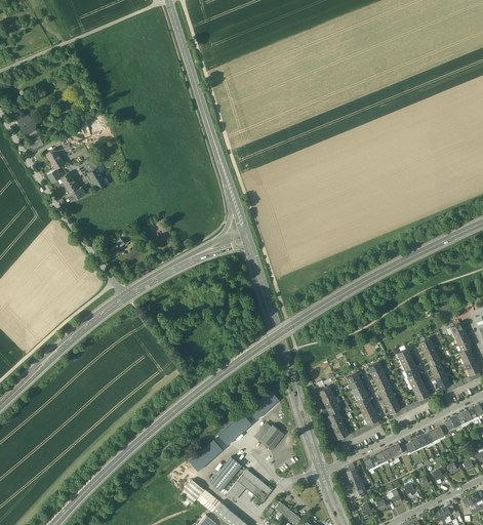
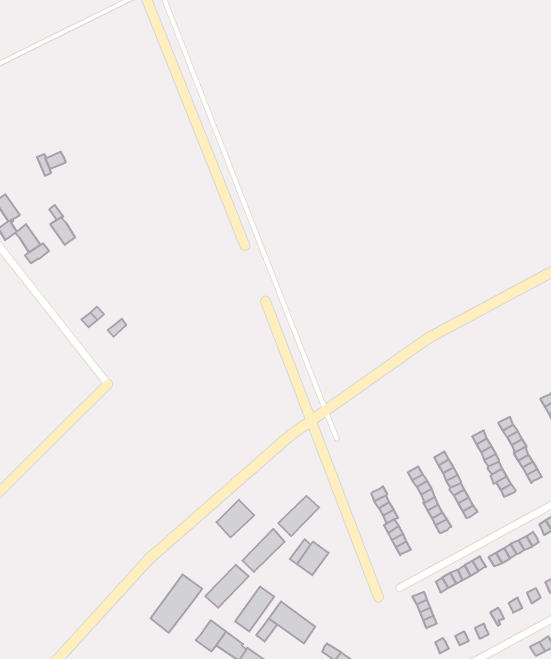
building: none -> [216,500,254,537]
building: none -> [151,574,202,633]

